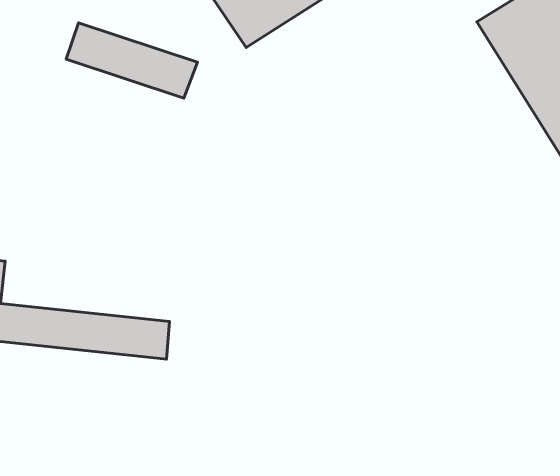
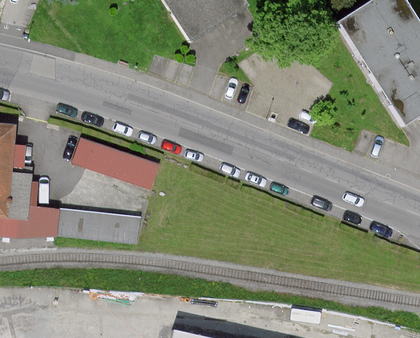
building: [66,23,197,98] -> [74,142,161,192]

